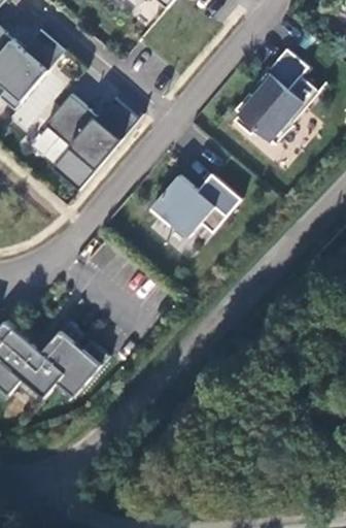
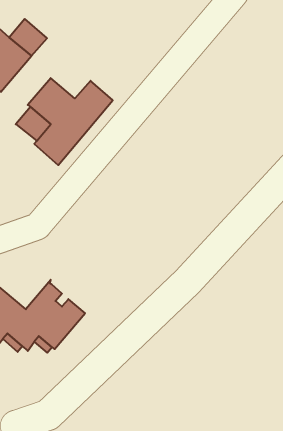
building: [233,47,318,141] -> none
building: [149,172,240,235] -> none

